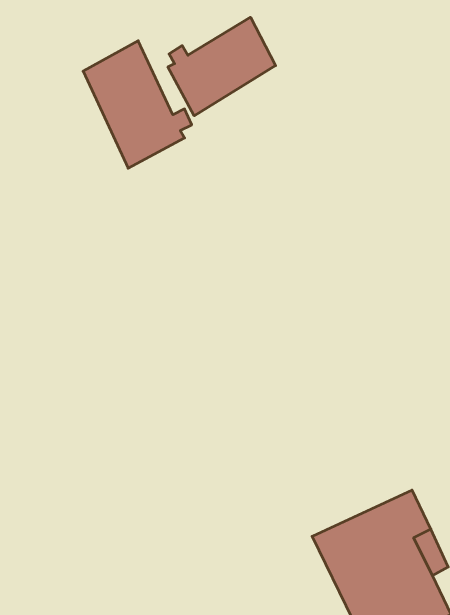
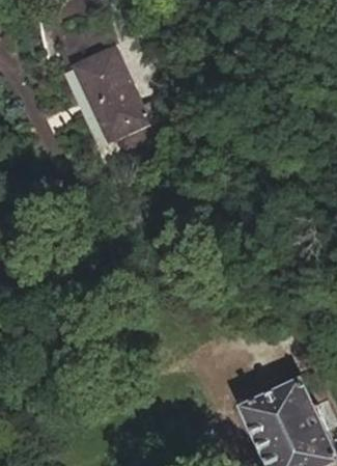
building: [168,17,276,116] -> none

